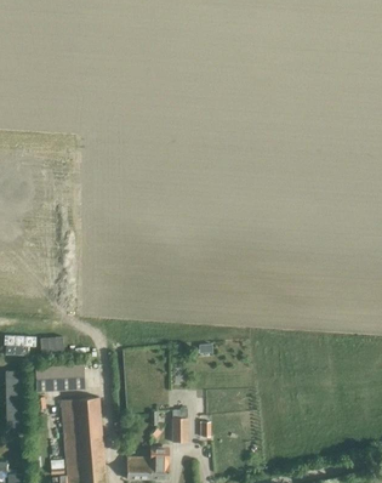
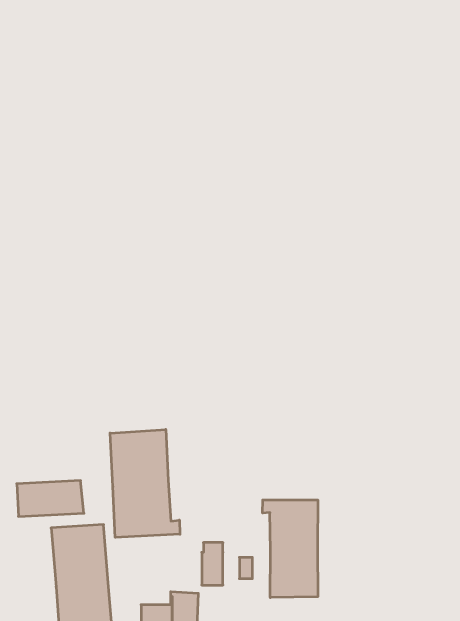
building: none -> [110,429,180,537]
building: none -> [263,500,318,598]

